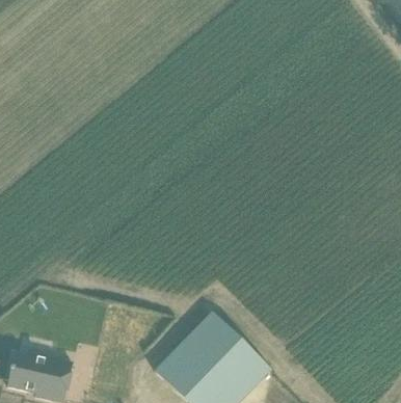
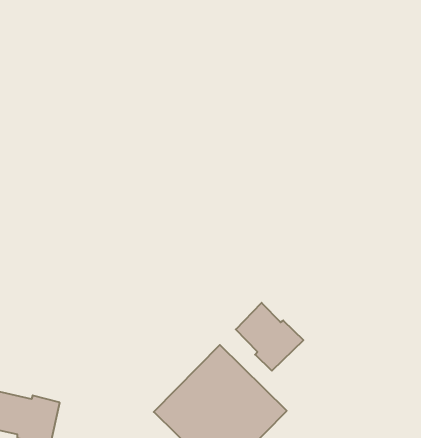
building: none -> [236,303,303,371]

